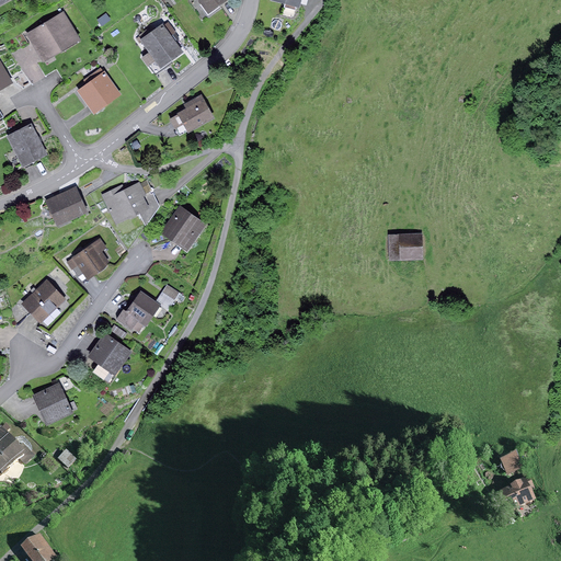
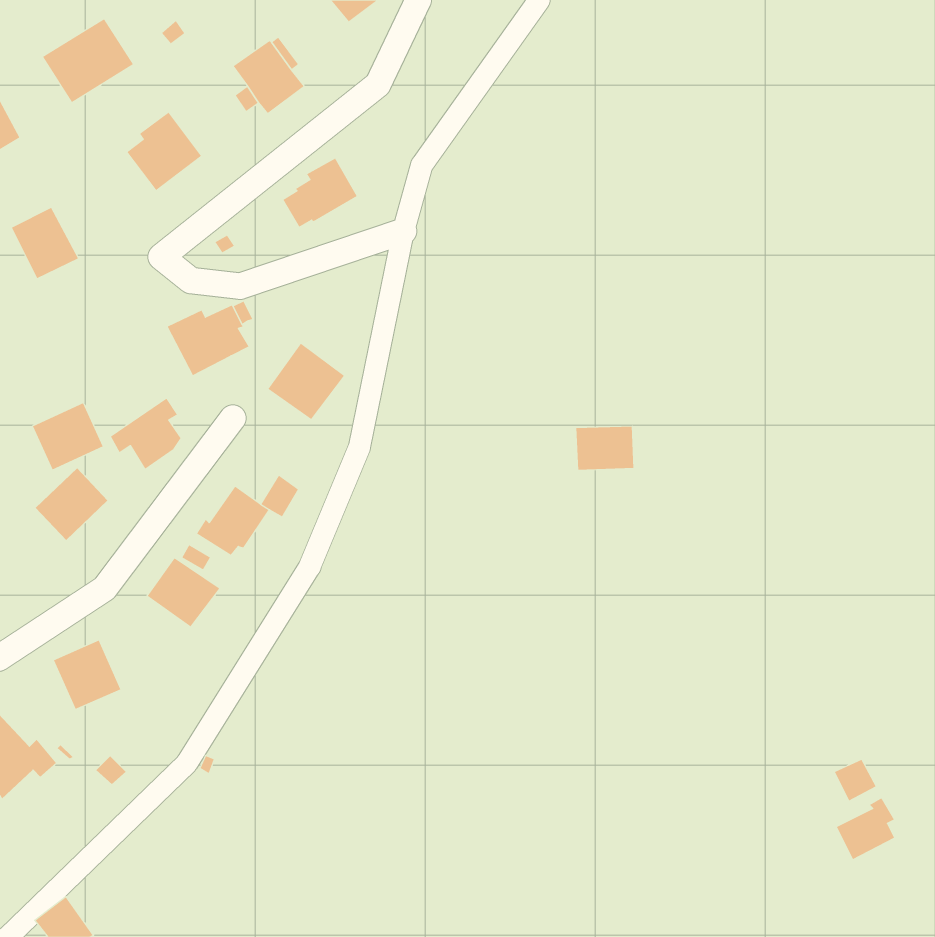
building: [45,186,88,227] -> [32,402,104,470]
building: [388,233,423,260] -> [576,426,634,470]

